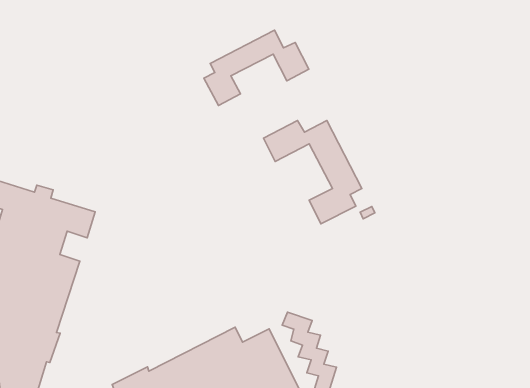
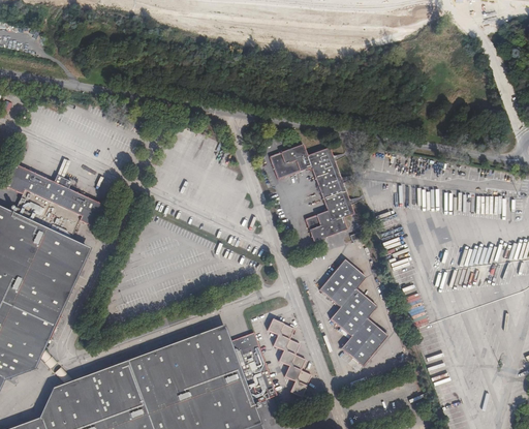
building: [204,30,309,105] -> none
building: none -> [318,259,386,367]

